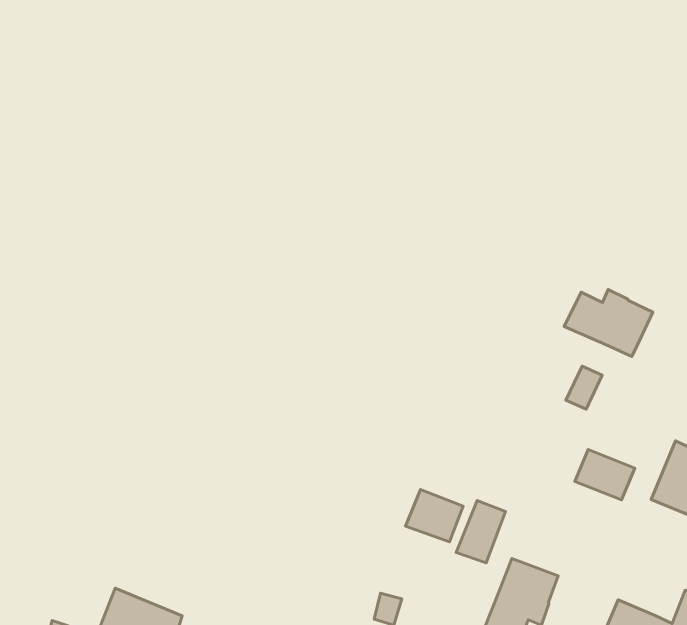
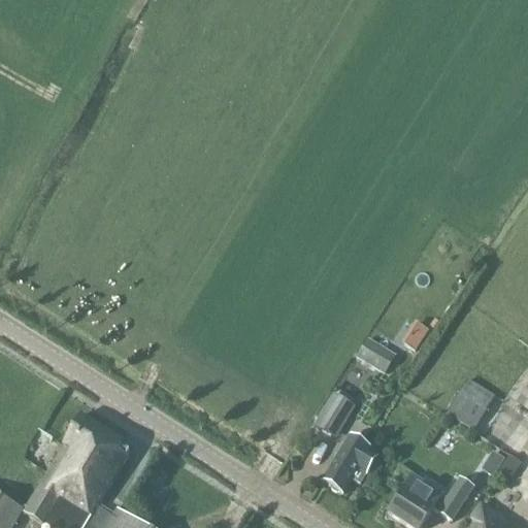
building: [564,289,653,357] -> none
building: [575,450,635,500] -> [358,336,399,373]
building: [406,489,463,542] -> none

